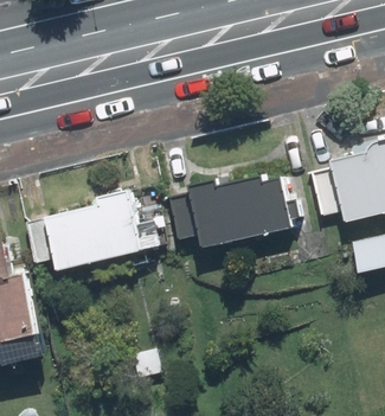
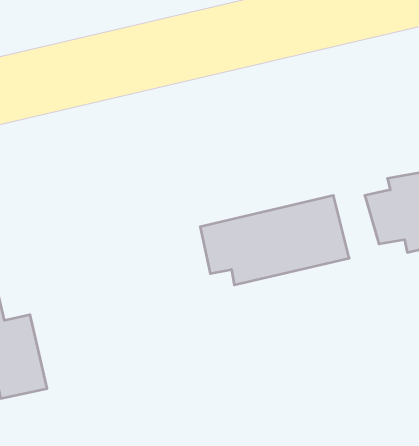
building: [27,188,142,268] -> none

